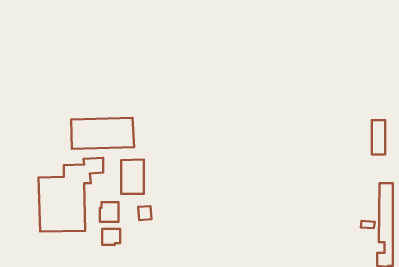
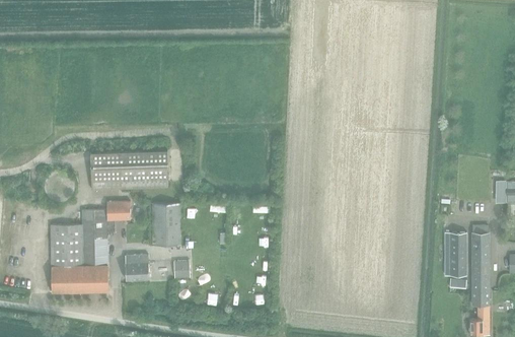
building: [372,120,385,154] -> [450,231,466,274]
building: [102,229,120,245] -> none

